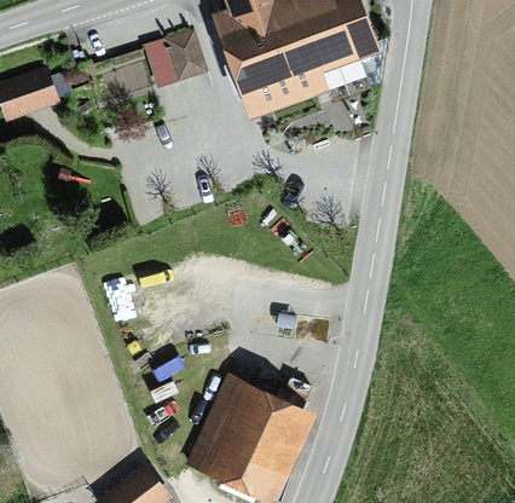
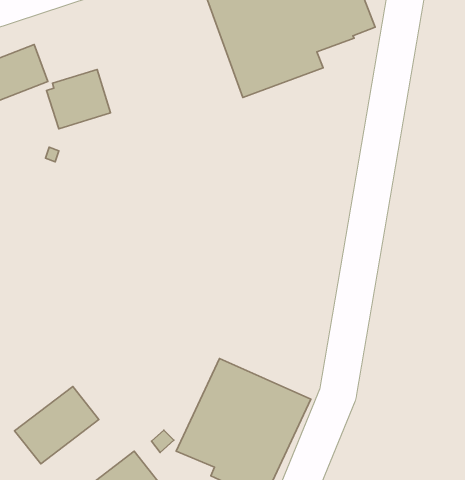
building: [144,29,207,87] -> [46,70,111,129]
building: none -> [15,387,99,464]

